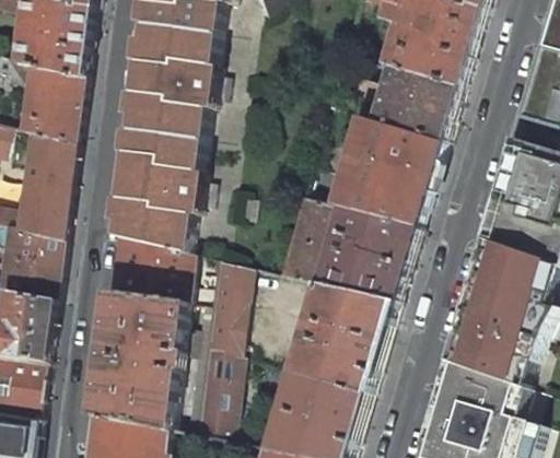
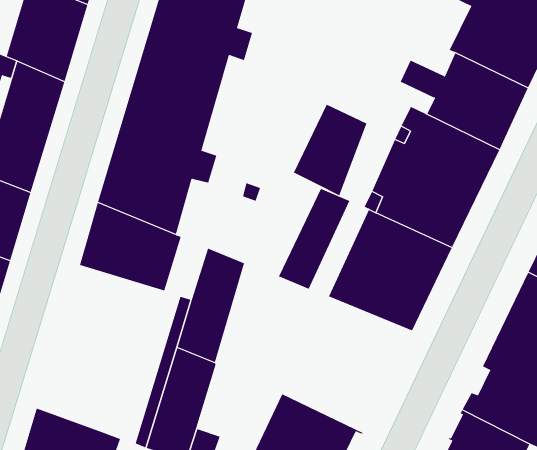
building: none -> [293,104,367,196]
building: [293,284,393,392] -> none
building: [92,292,183,430] -> none

